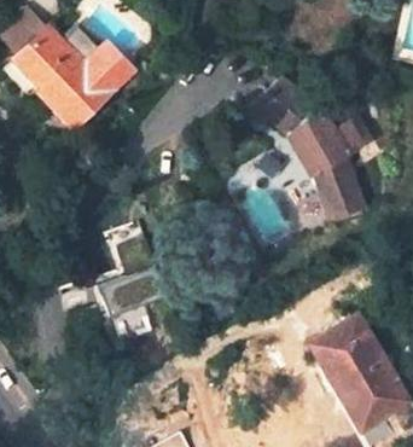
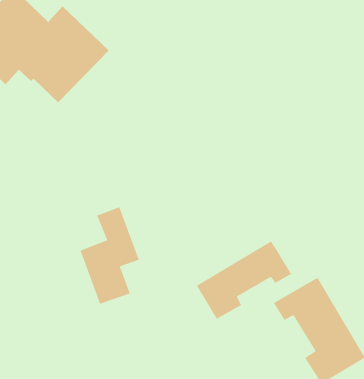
building: [248,81,370,222] -> none
building: none -> [196,240,292,320]

